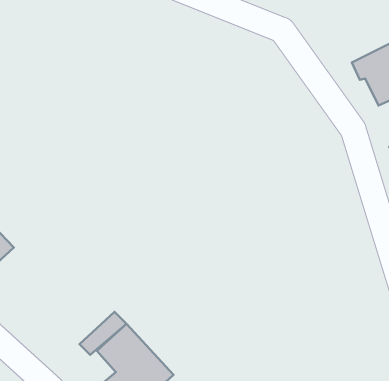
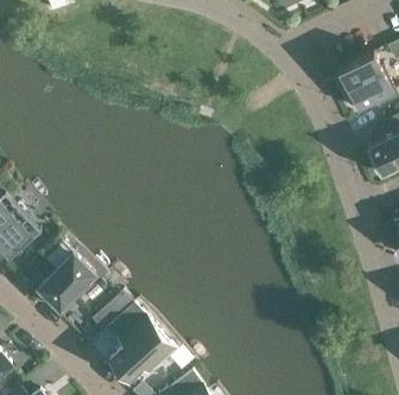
building: none -> [38,243,95,312]

